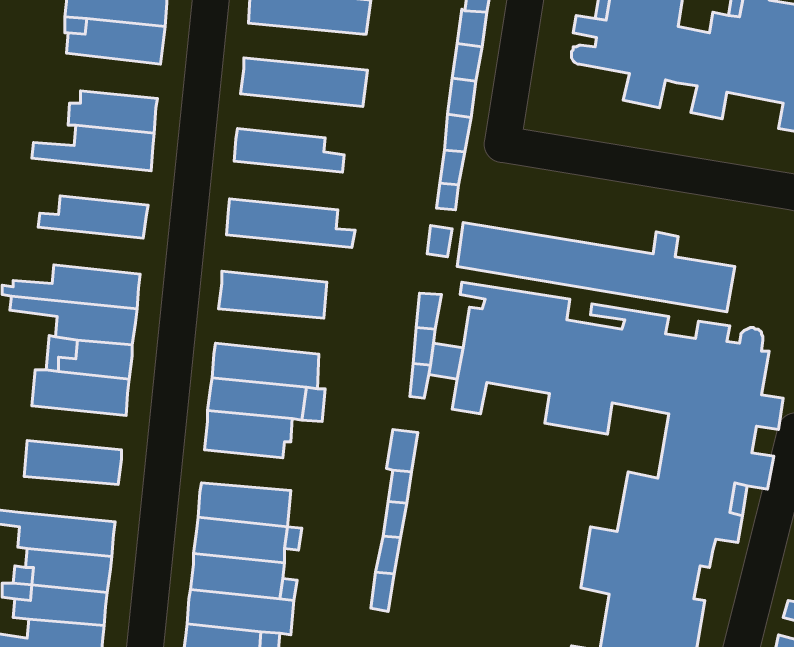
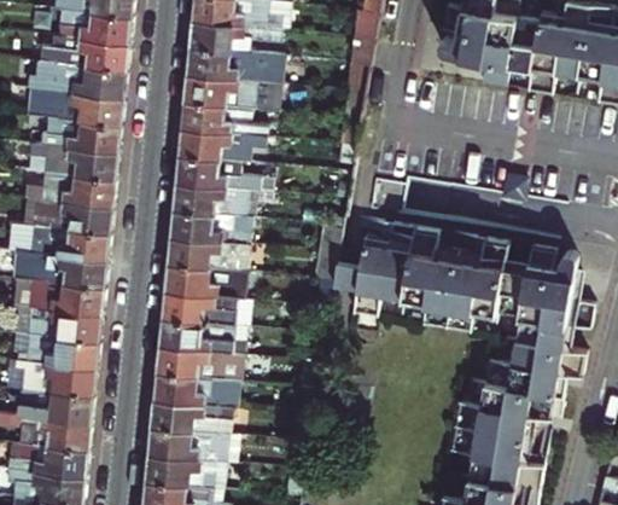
building: none -> [188,19,280,52]
building: none -> [35,42,124,77]
building: none -> [183,74,280,110]
building: none -> [24,123,117,159]
building: none -> [177,126,264,161]
building: none -> [28,176,111,213]
building: none -> [171,182,272,219]
building: none -> [167,239,250,274]
building: none -> [22,314,98,348]
building: none -> [156,348,227,379]
building: none -> [17,368,92,404]

